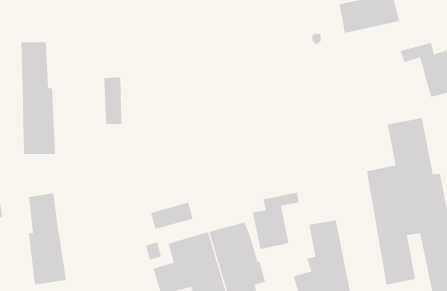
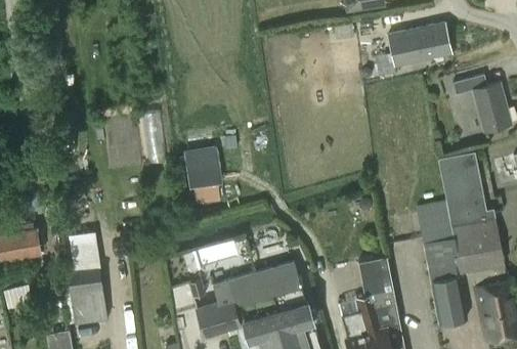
building: [21,42,55,155] -> none
building: none -> [185,141,220,206]
building: [252,192,299,250] -> none

